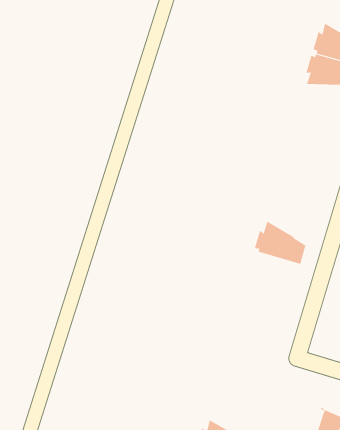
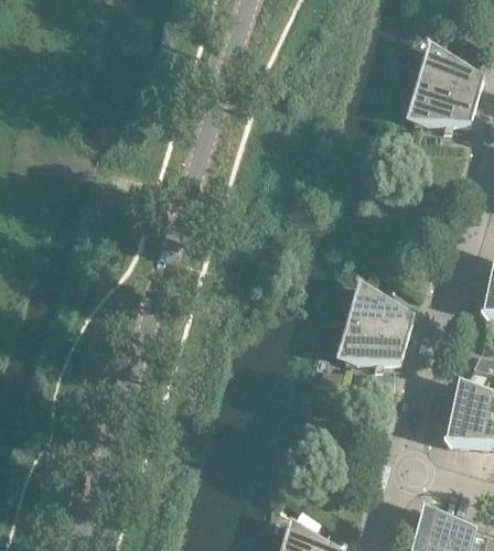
building: none -> [340,322,404,360]

